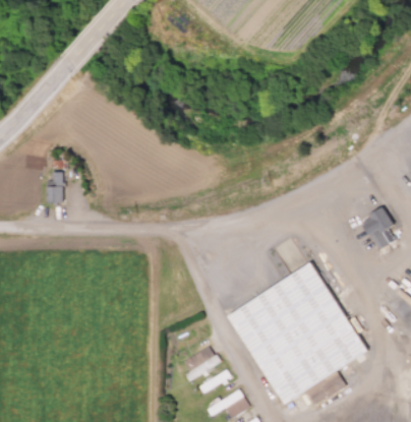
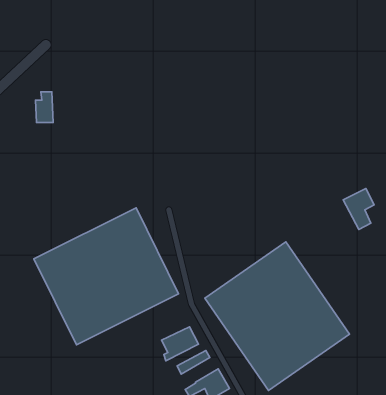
building: [47,171,64,201] -> [36,92,53,123]
building: none -> [34,208,179,345]

